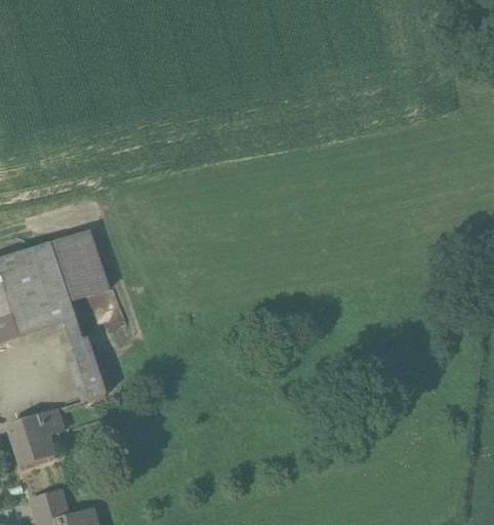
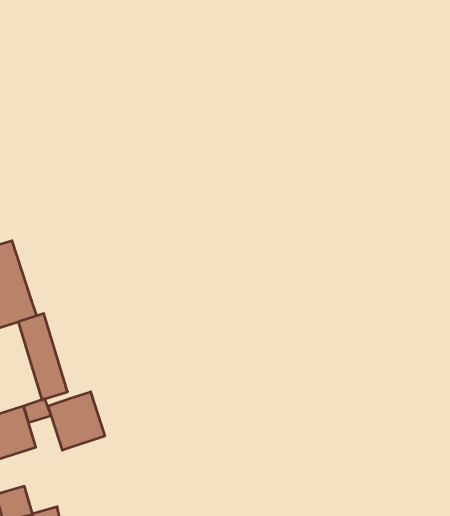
building: [47,229,110,302] -> none
building: none -> [48,392,105,450]

